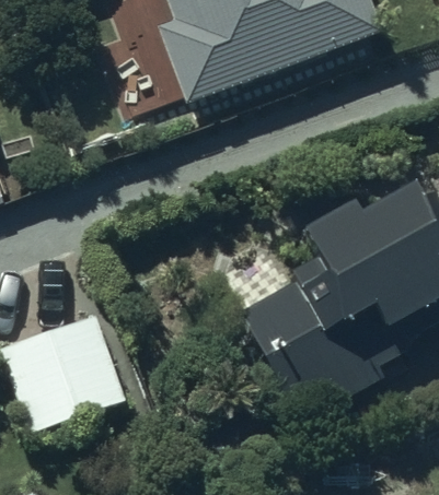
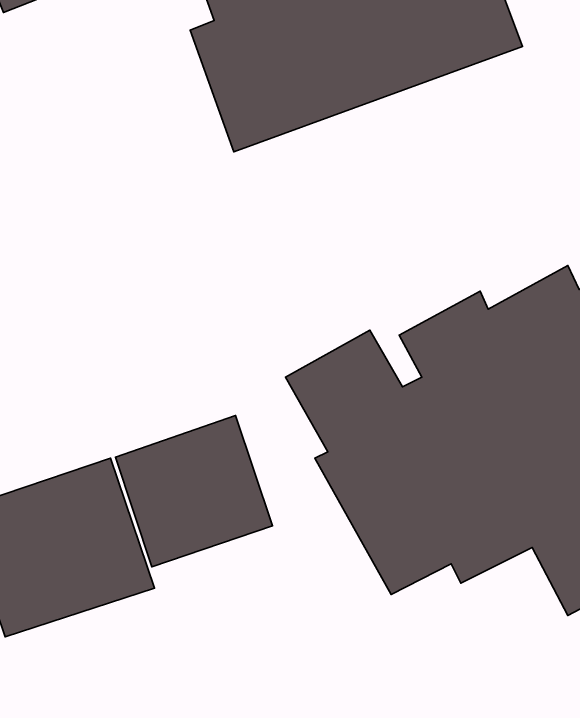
building: none -> [115,415,273,567]

